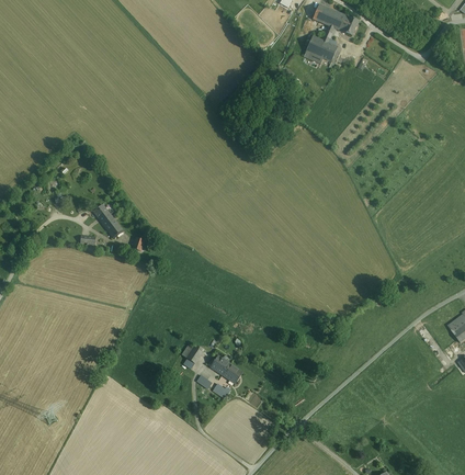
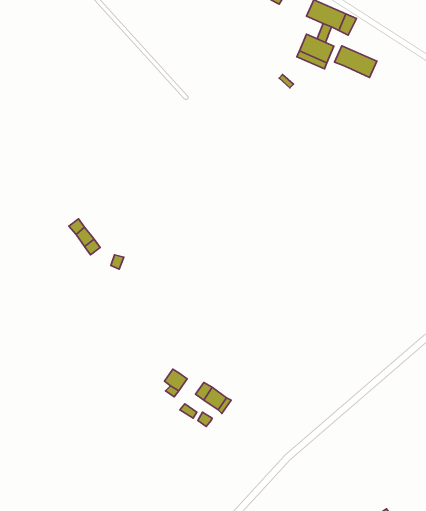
building: none -> [334,46,377,77]

